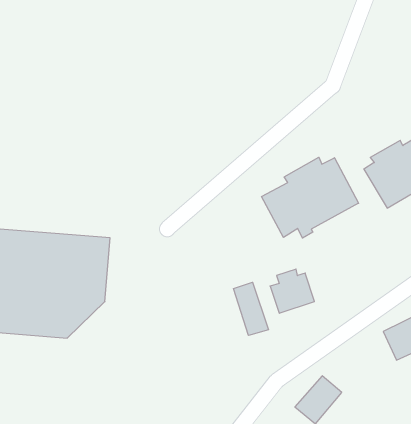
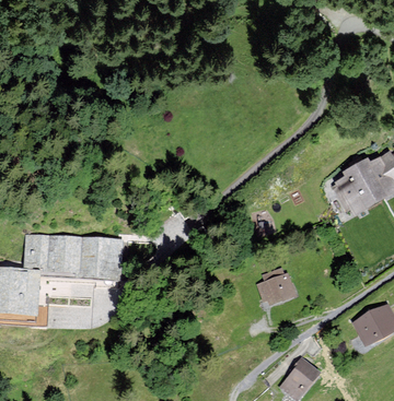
building: [262,157,359,238] -> none
building: [234,282,269,335] -> none

